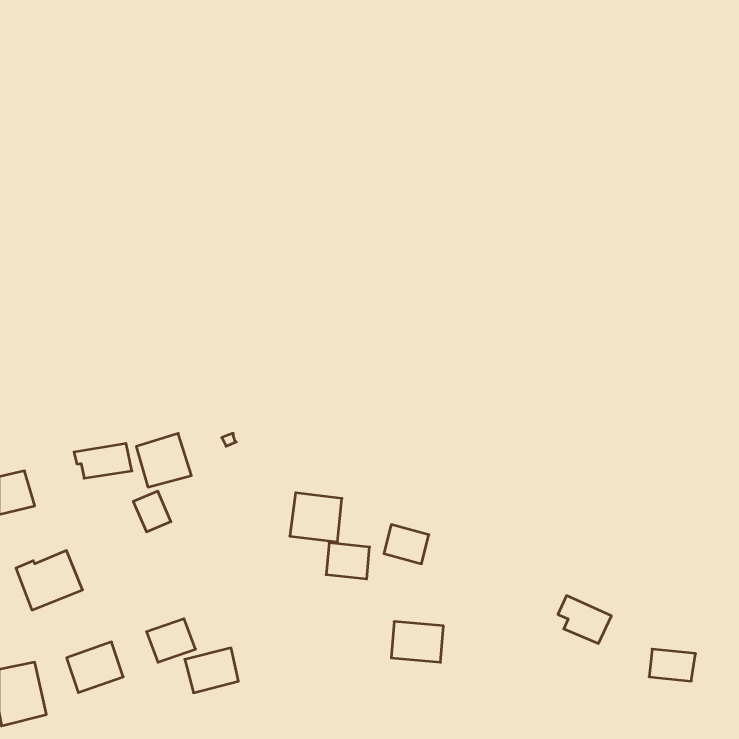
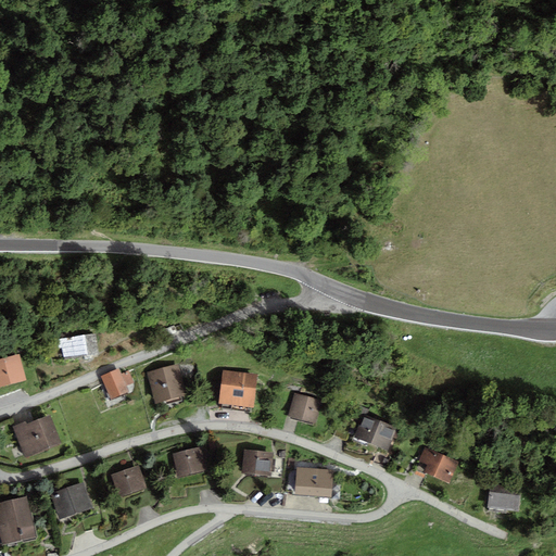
building: [136,433,191,487] -> [147,362,188,402]
building: [326,543,370,579] -> [241,448,274,476]
building: none -> [353,414,396,451]
building: [185,648,238,693] -> [170,444,211,478]

